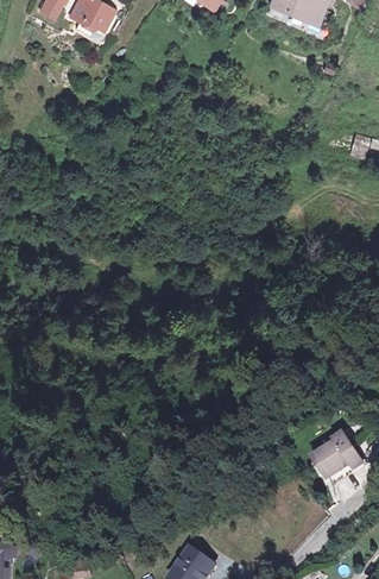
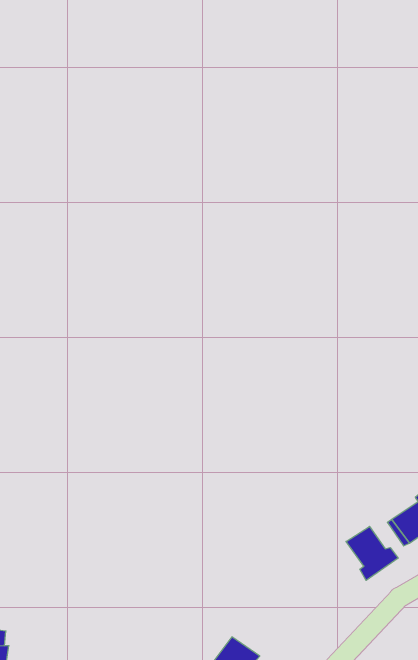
building: none -> [346,526,398,580]

